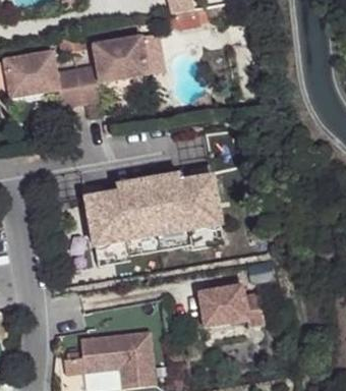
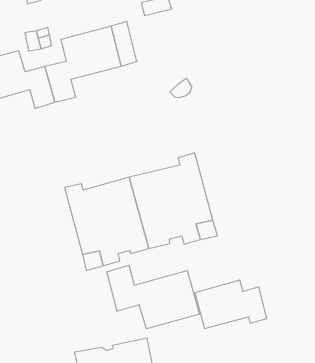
building: none -> [107,265,200,329]

